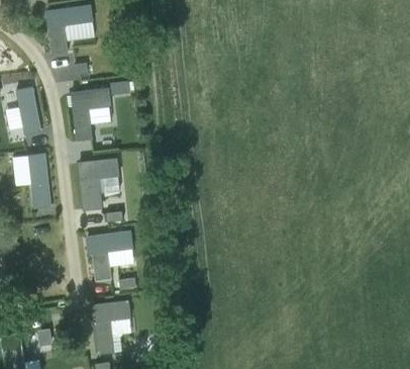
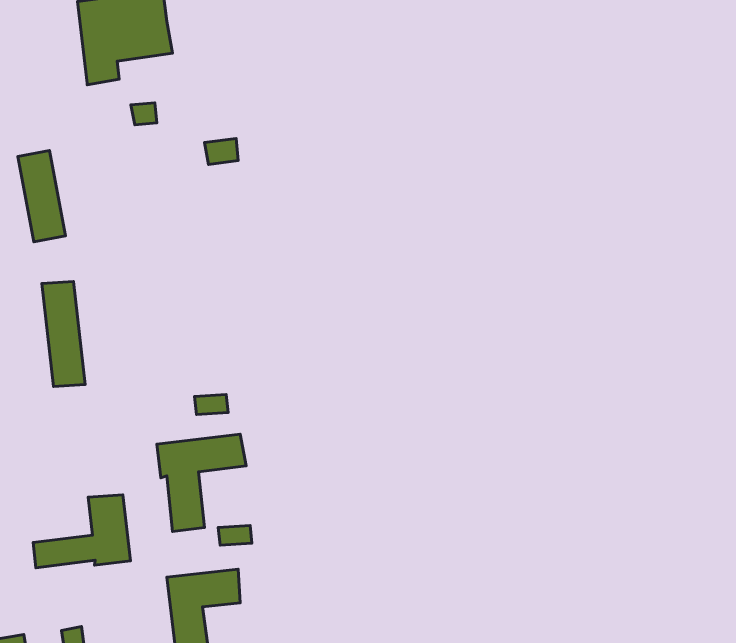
building: [71,88,110,141] -> none
building: [79,159,118,209] -> none
building: none -> [33,495,131,568]

